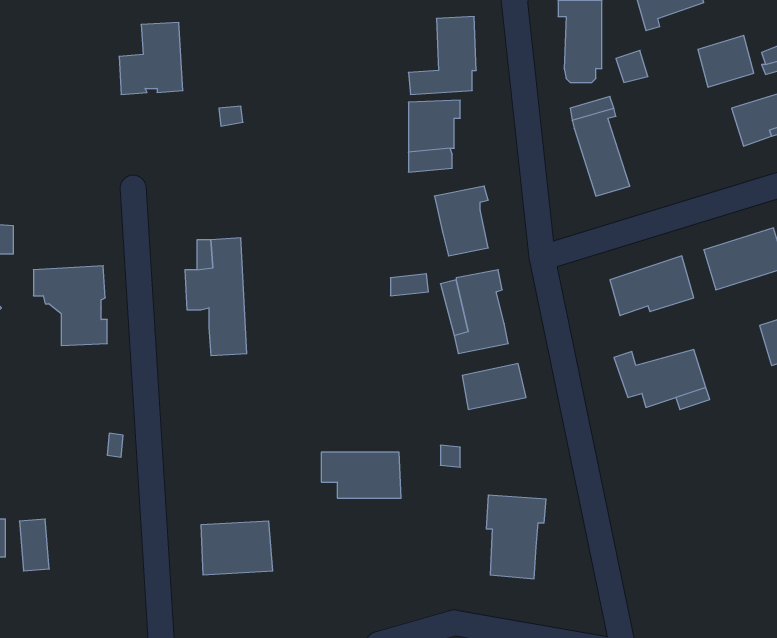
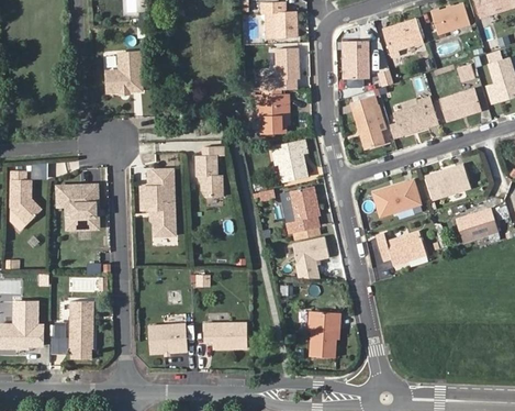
building: [698,35,754,87] -> [399,104,429,133]
building: none -> [194,145,222,196]
building: [321,452,401,498] -> [204,325,248,351]
building: none -> [69,302,93,348]

